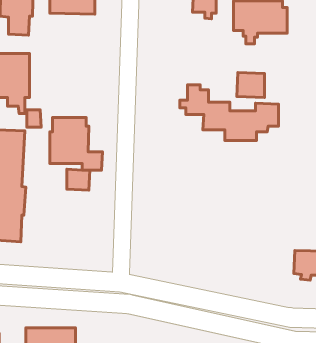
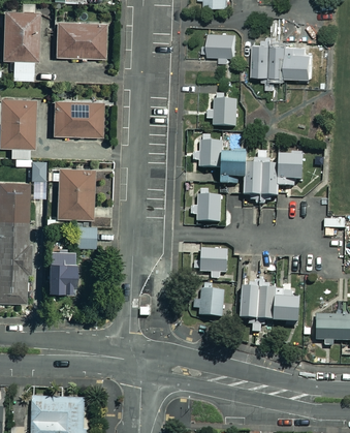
building: none -> [53,101,102,137]
building: [237,73,265,98] -> [210,99,240,126]
building: none -> [195,196,224,222]
building: none -> [202,248,230,278]
building: none -> [47,253,75,293]
building: none -> [193,283,224,316]
building: none -> [243,287,301,333]

